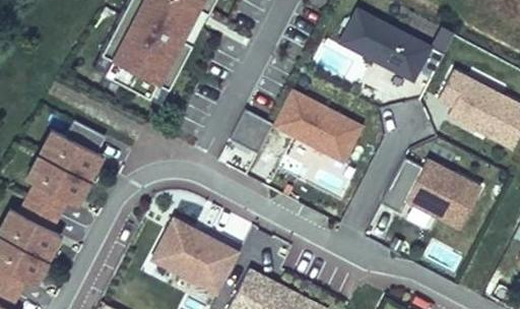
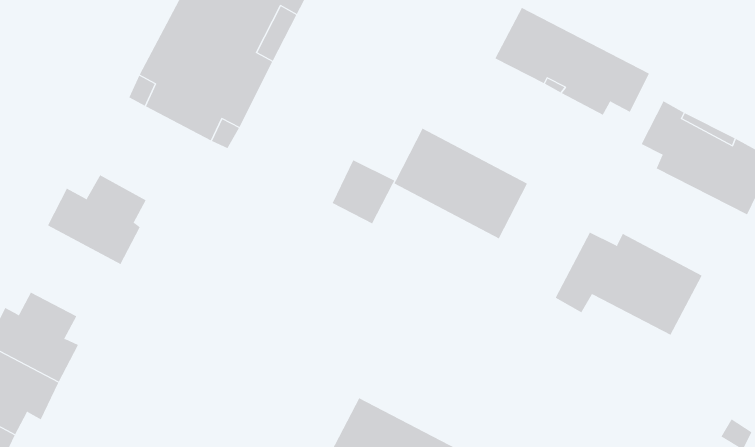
building: [26,154,88,215] -> none
building: [151,221,239,296] -> none

